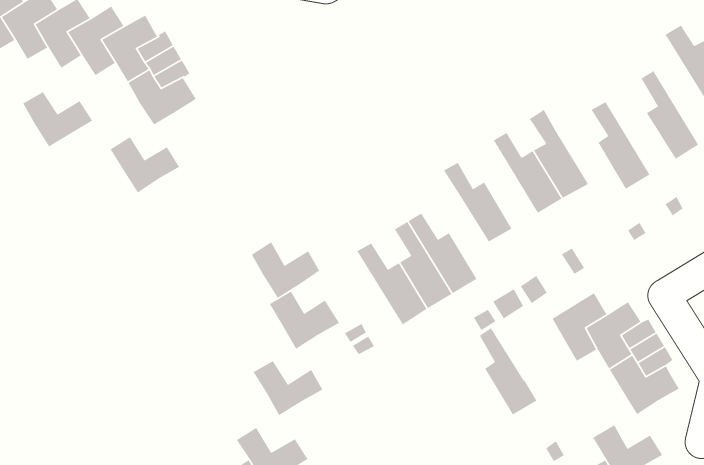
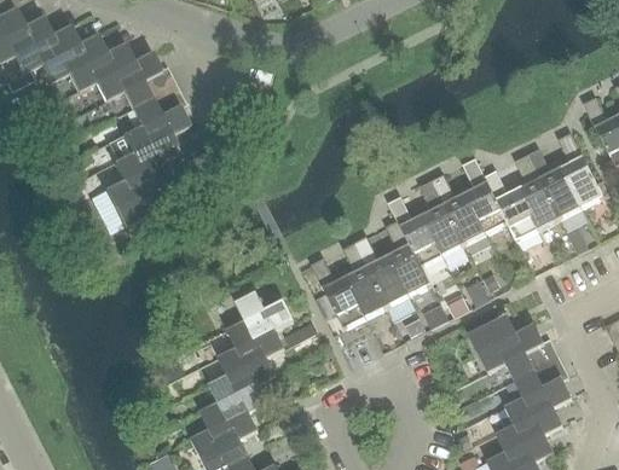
building: [22,91,93,147] -> [121,127,179,174]
building: none -> [528,149,583,219]
building: none -> [485,169,539,240]
building: none -> [421,180,464,255]
building: none -> [103,181,161,228]
building: [251,241,320,299] -> [226,321,283,370]
building: [479,327,537,416] -> [387,220,432,295]
building: none -> [505,398,562,445]
building: none -> [208,376,266,425]

